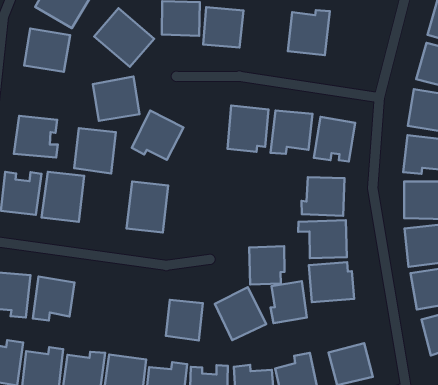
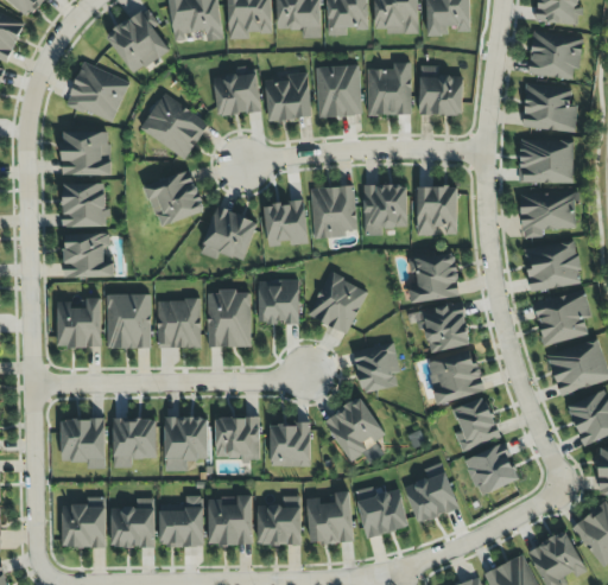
building: none -> [315,64,361,116]
building: none -> [418,64,463,114]
building: none -> [62,182,106,225]
building: none -> [264,199,308,246]
building: [74,128,116,173] -> [156,298,201,346]
building: none -> [258,278,299,323]
building: none -> [308,271,367,333]
building: [271,281,307,323] -> [452,396,499,450]
building: none -> [164,415,208,470]
building: none -> [214,417,260,459]

